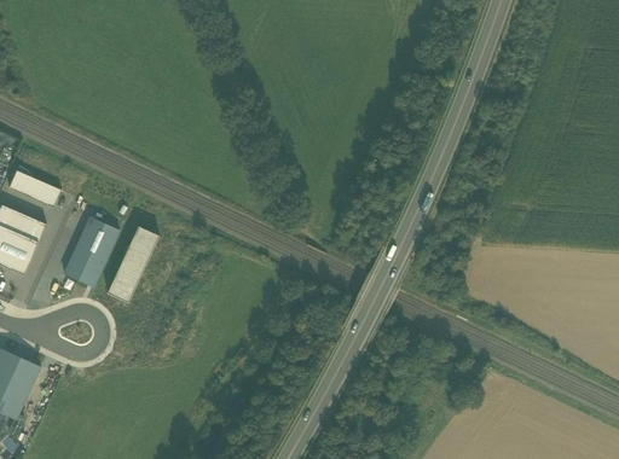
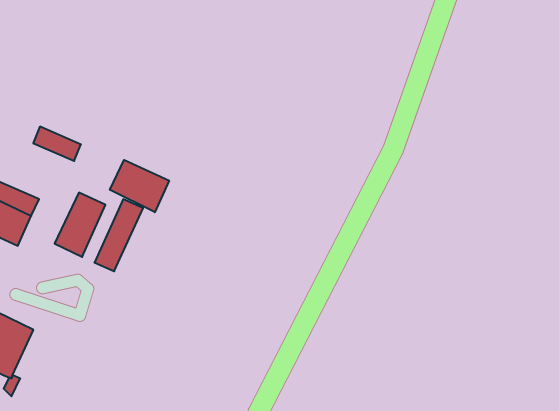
building: [8,169,60,207] -> [33,127,81,161]
building: none -> [110,160,169,212]

